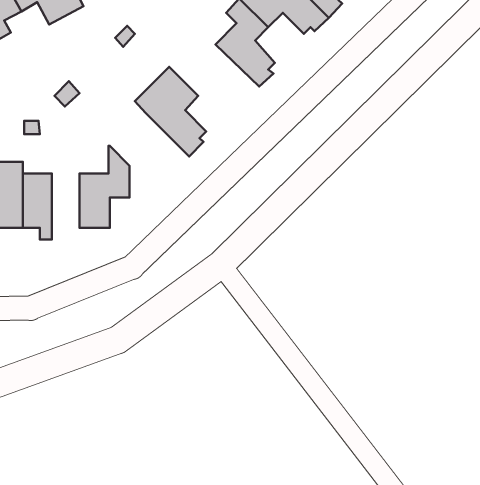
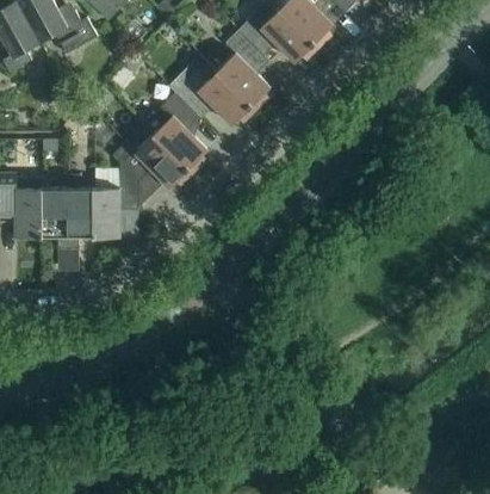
building: none -> [167,54,255,125]
building: none -> [112,134,192,187]
building: none -> [68,175,93,248]

